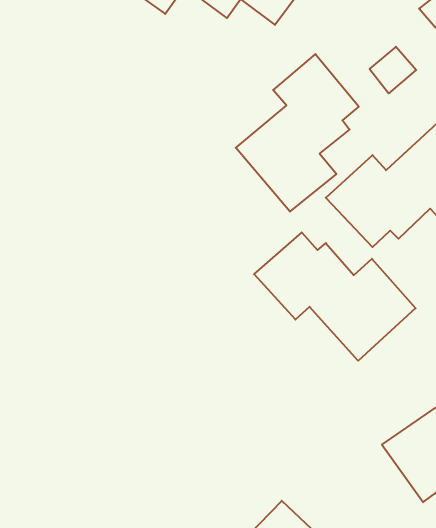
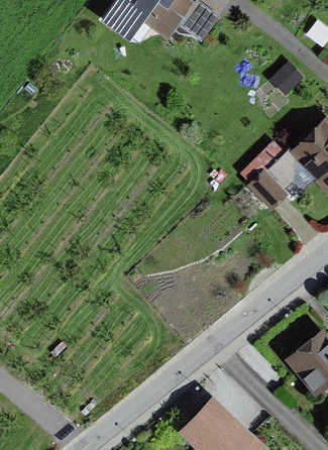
building: [236,54,359,212] -> none
building: [254,232,416,361] -> none

